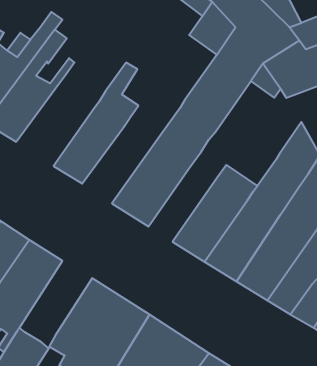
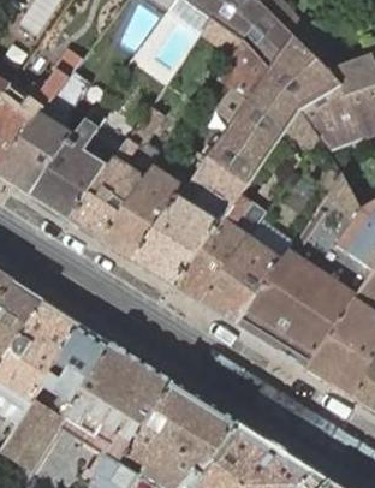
building: none -> [31,111,121,222]
building: none -> [103,144,215,263]
building: none -> [175,194,268,305]
building: none -> [35,326,114,421]

